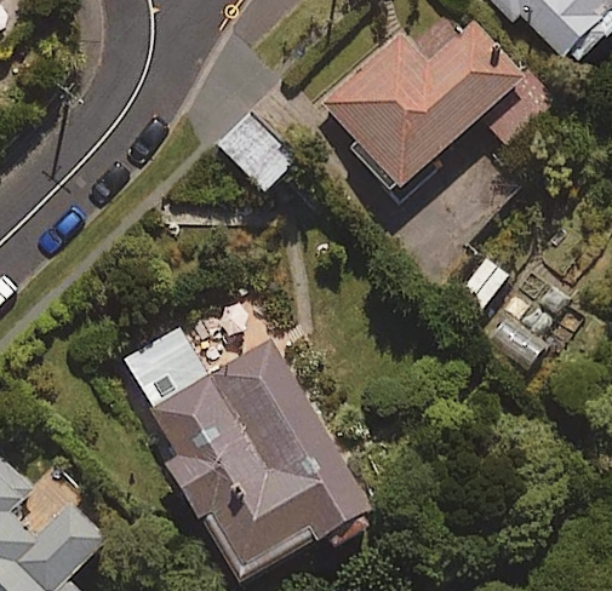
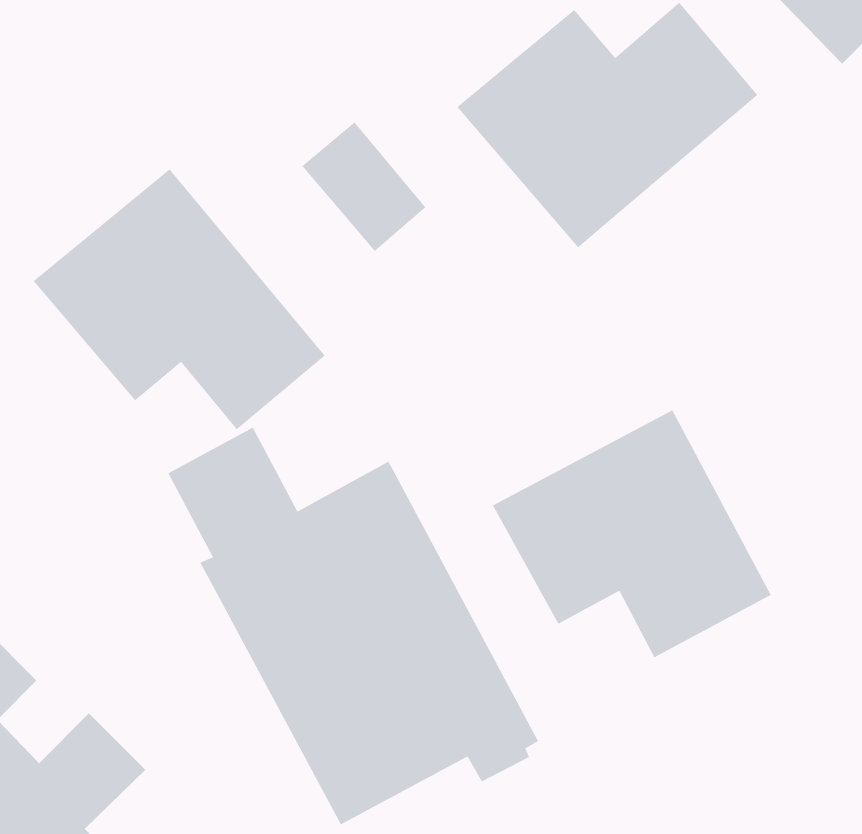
building: none -> [33,168,325,430]
building: none -> [492,410,772,658]

